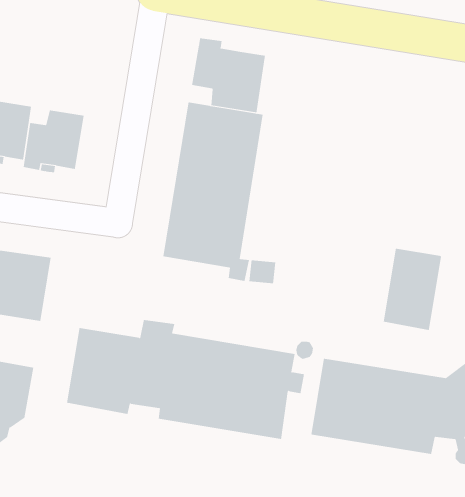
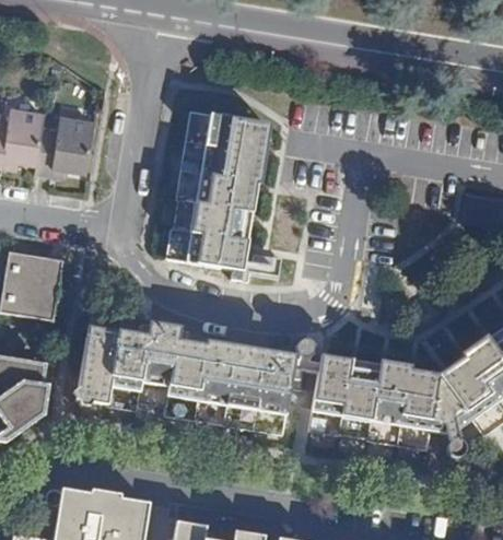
building: [191,38,266,113] -> none
building: [383,248,442,331] -> none

